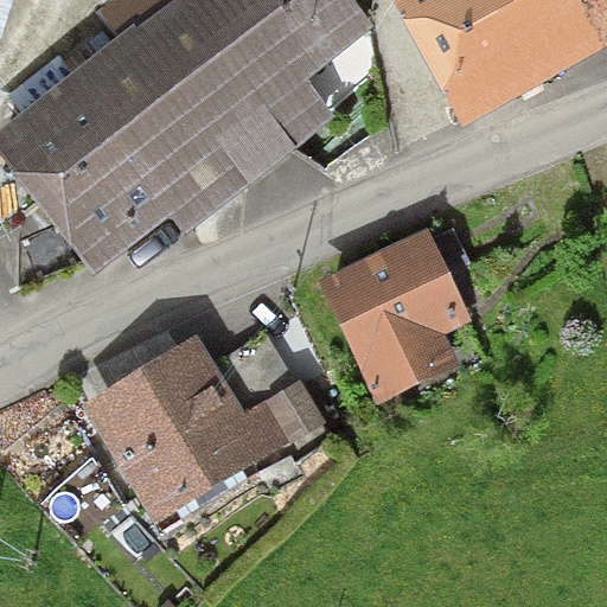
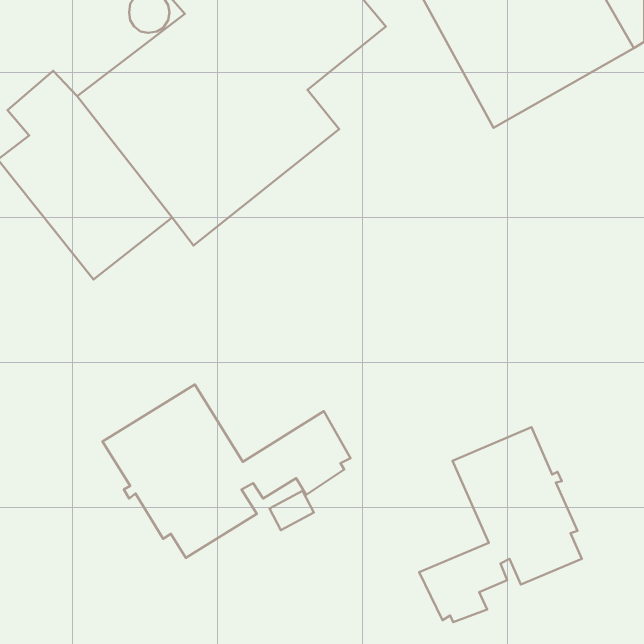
building: [326,235,464,396] -> none
building: none -> [419,427,582,622]

